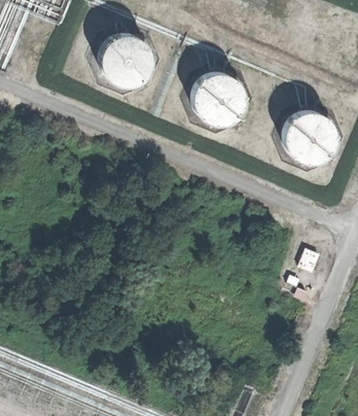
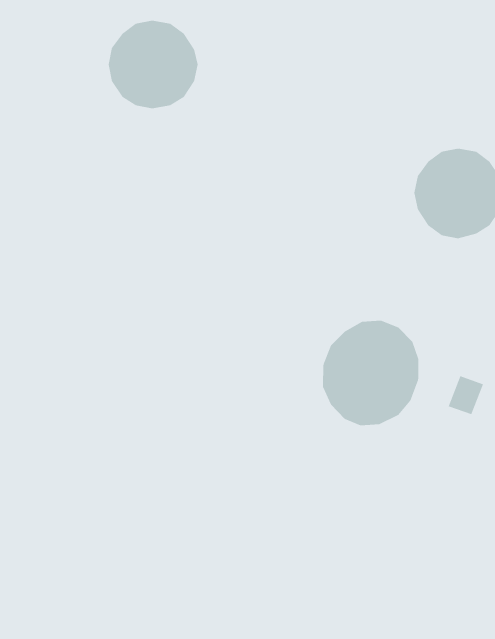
building: [190,71,245,126] -> none
building: none -> [322,320,419,426]

